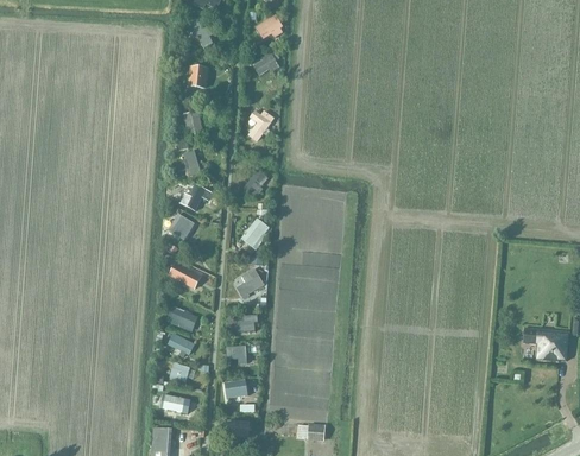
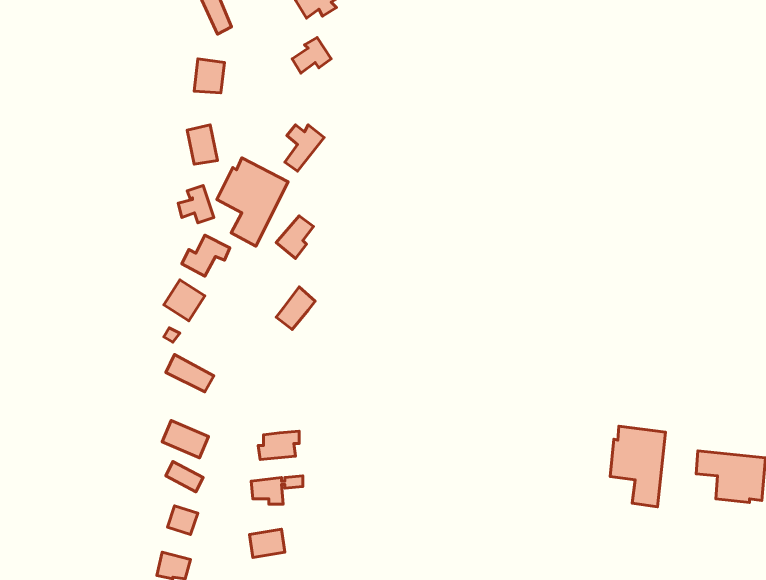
building: none -> [217,158,288,246]
building: [237,265,265,299] -> none
building: none -> [610,426,665,507]

